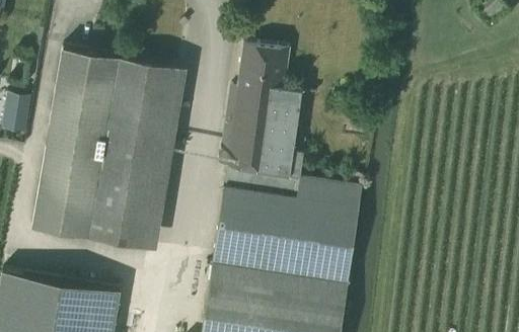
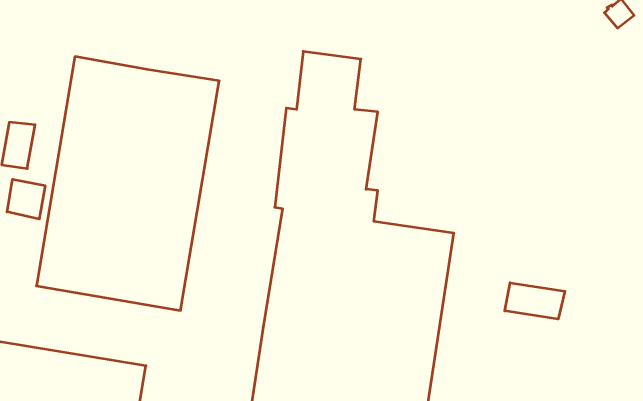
building: none -> [7,179,45,219]
building: none -> [505,283,565,319]

